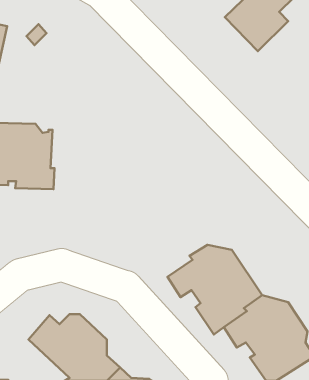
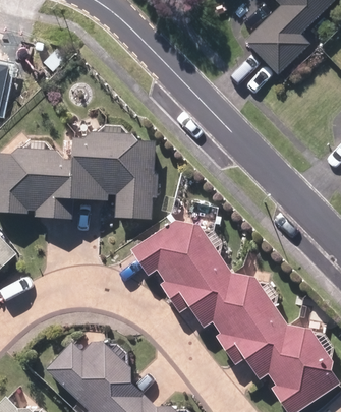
building: none -> [70,133,154,217]
building: none -> [130,219,229,310]

